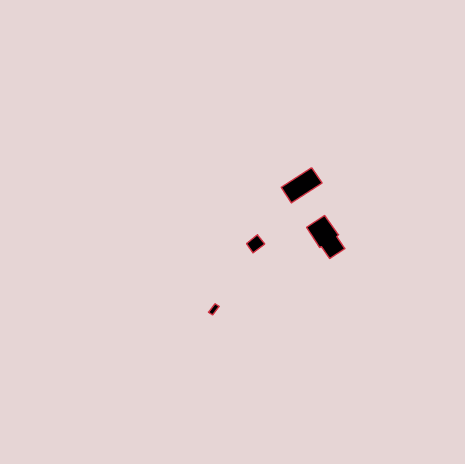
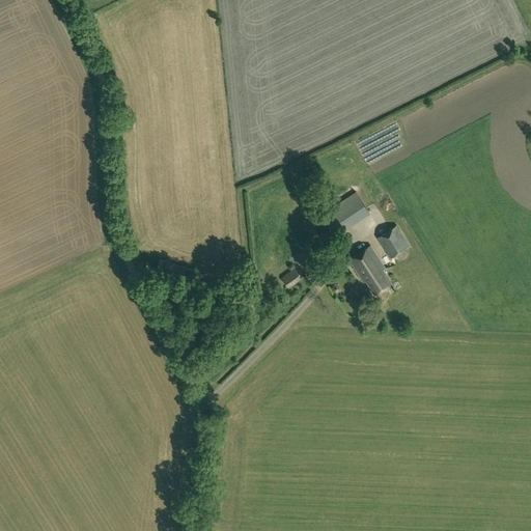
building: none -> [376,226,410,259]

